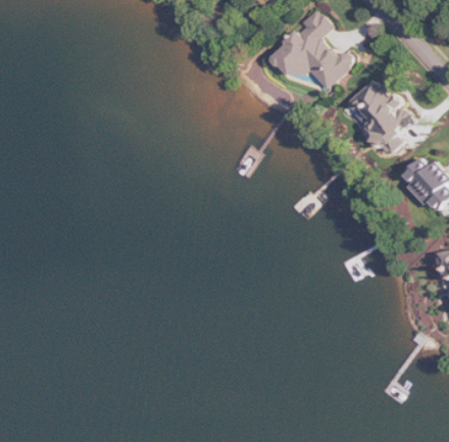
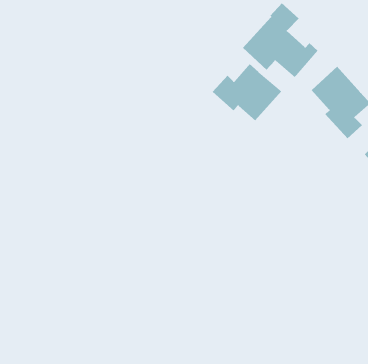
building: none -> [212,63,282,121]

